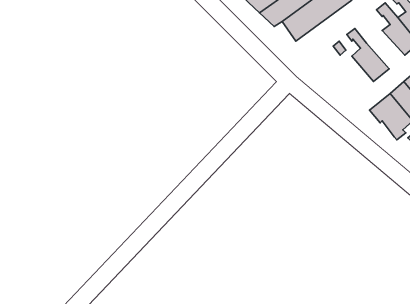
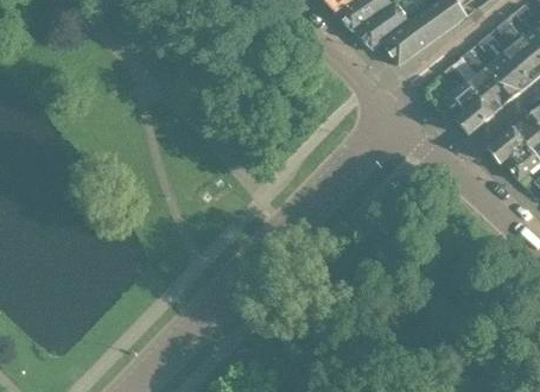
building: none -> [479,32,532,97]
building: none -> [444,80,494,133]

